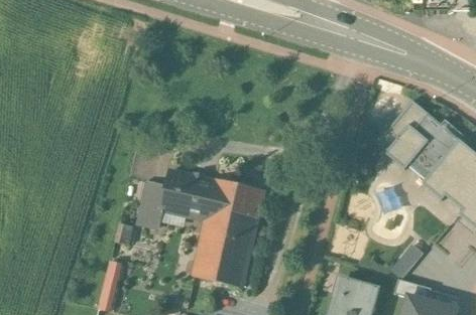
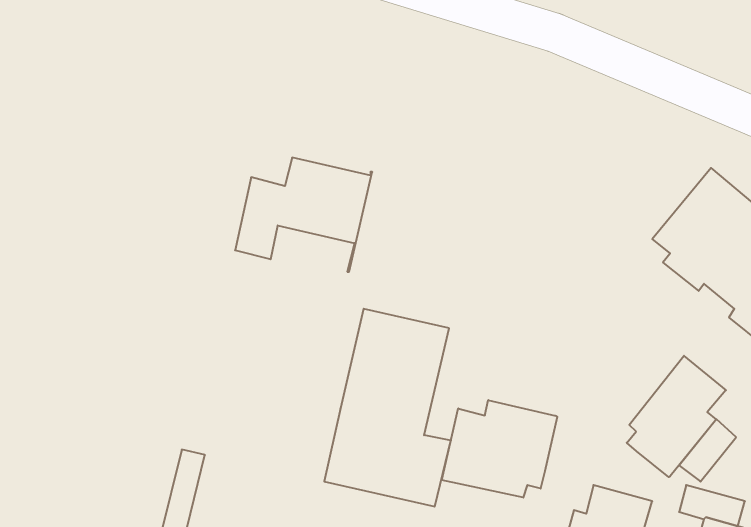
building: [137,171,215,235] -> [235,158,372,272]
building: none -> [627,356,726,477]
building: none -> [442,400,557,498]

